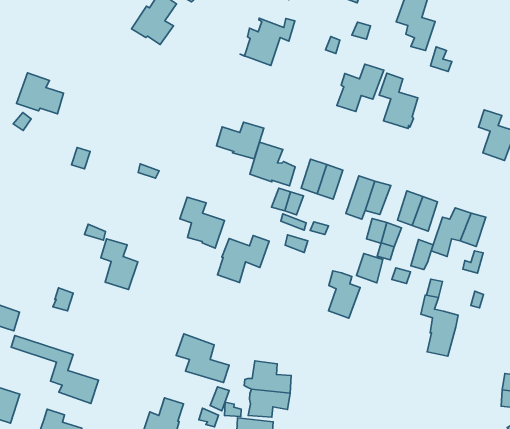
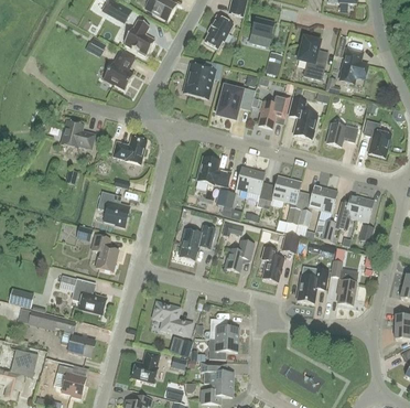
building: none -> [341,47,368,83]
building: none -> [216,86,255,119]
building: [16,73,63,114] -> [61,120,95,149]
building: none -> [326,122,358,146]
building: [216,122,264,159] -> [112,137,147,163]
building: [180,197,224,248] -> [97,191,130,227]
building: none -> [225,239,255,271]
building: none -> [72,278,106,313]
building: none -> [296,267,328,302]

